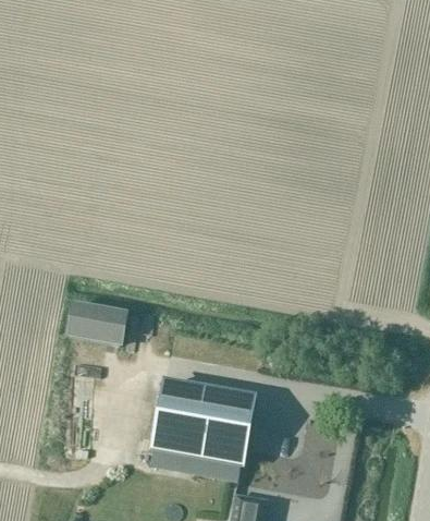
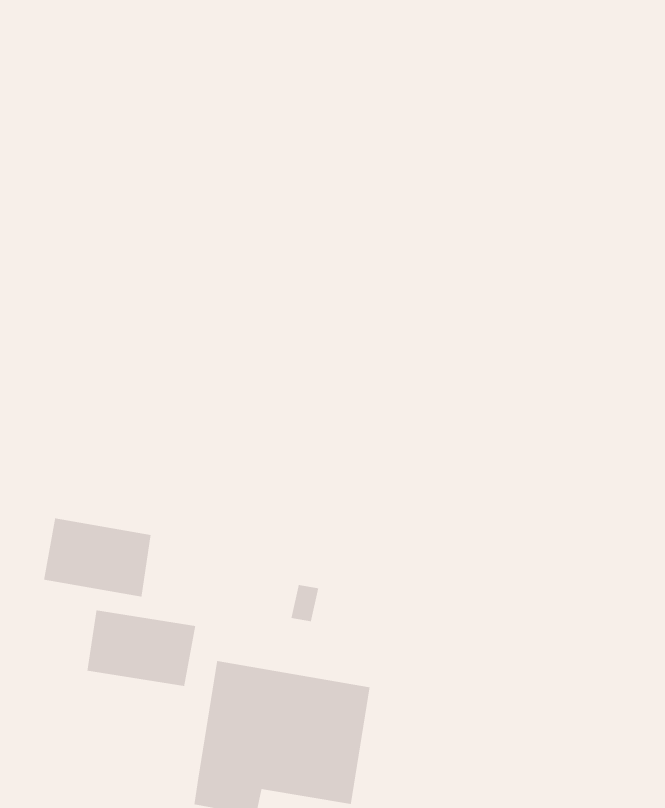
building: none -> [86,609,196,687]

